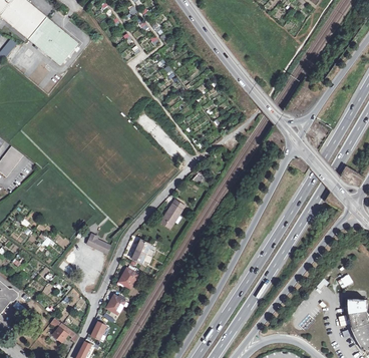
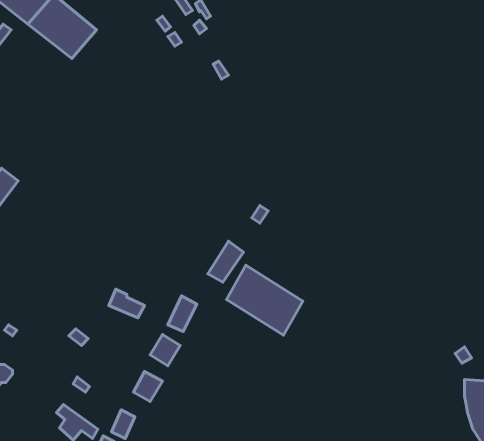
building: none -> [226,265,303,335]

